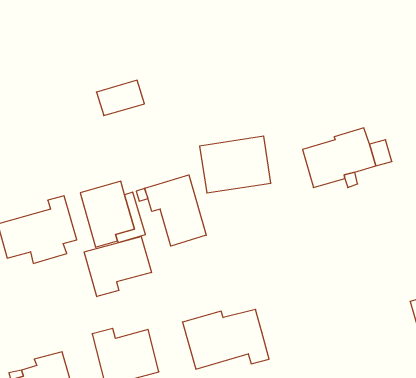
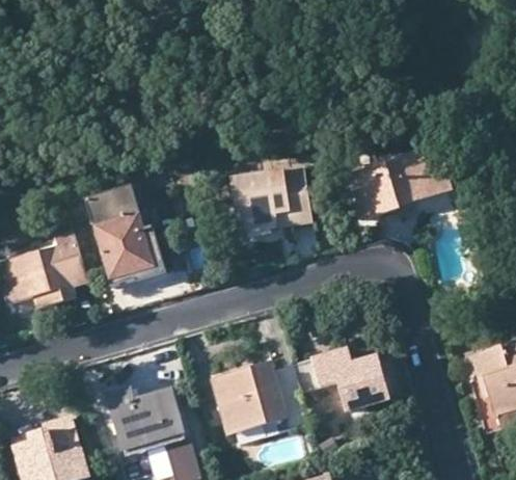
building: [96,80,144,116] -> [85,189,140,230]
building: [145,175,206,246] -> none
building: [84,236,151,297] -> none
building: none -> [295,348,388,409]

